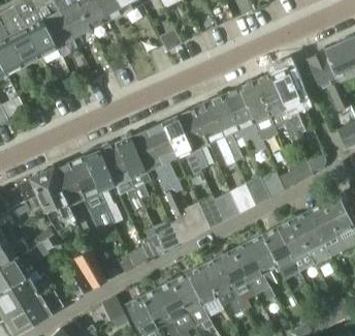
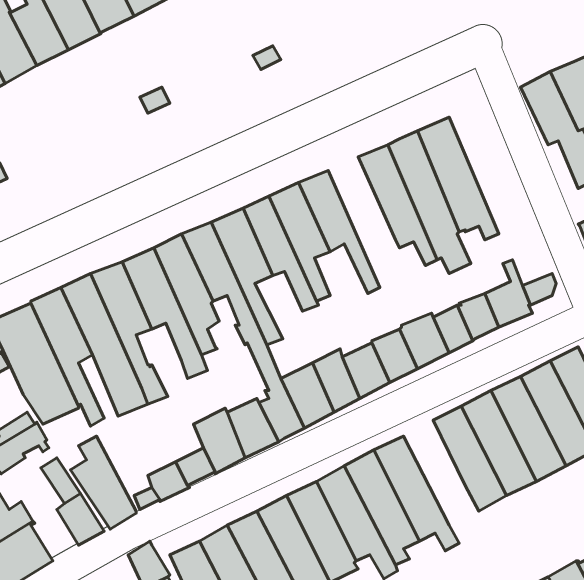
building: [269,66,304,134] -> none
building: [206,94,241,162] -> none
building: [246,232,278,286] -> none

